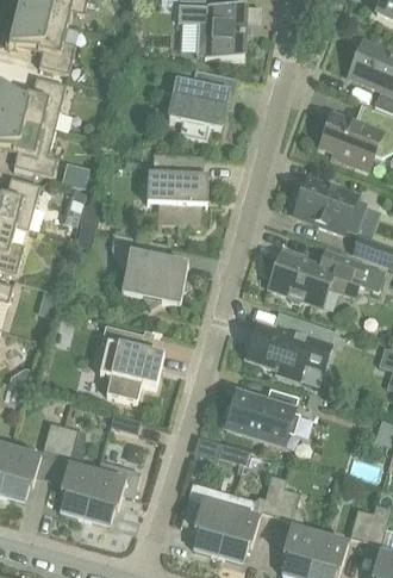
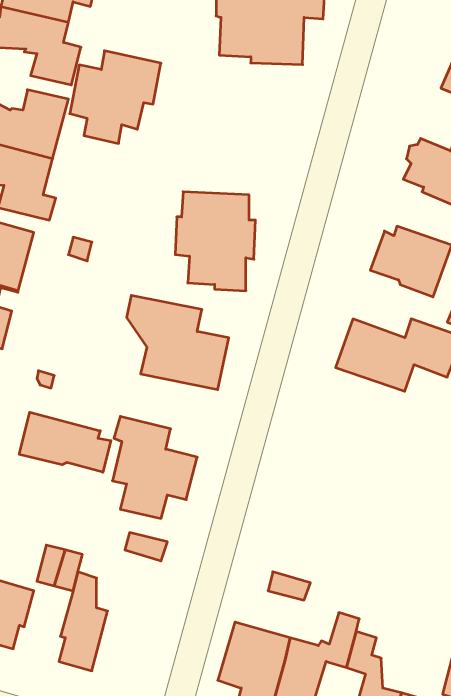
building: [168,69,237,139] -> [70,51,161,143]
building: [245,318,333,380] -> none
building: none -> [19,412,111,472]
building: [220,387,298,446] -> none
building: [83,460,139,524] -> none

